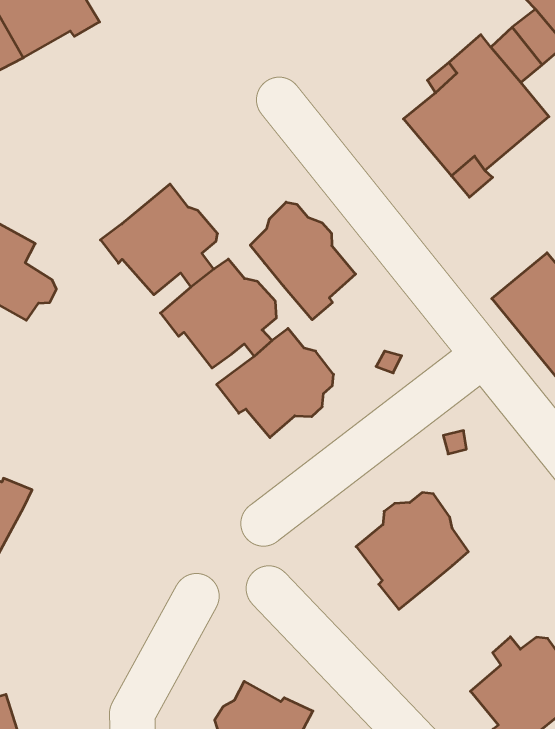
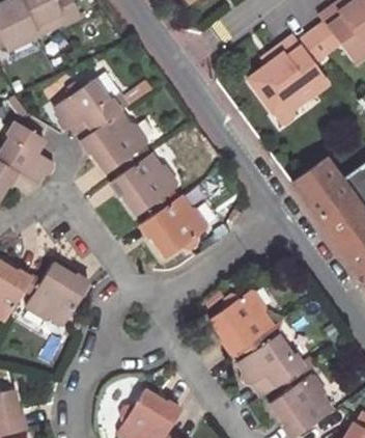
building: none -> [53,79,118,131]
building: [250,202,356,320] -> none
building: none -> [27,263,89,325]
building: none -> [237,331,304,395]

